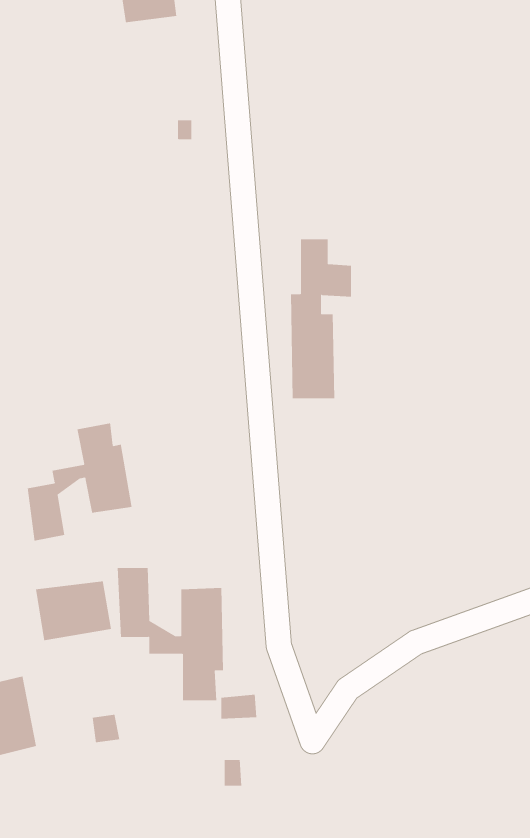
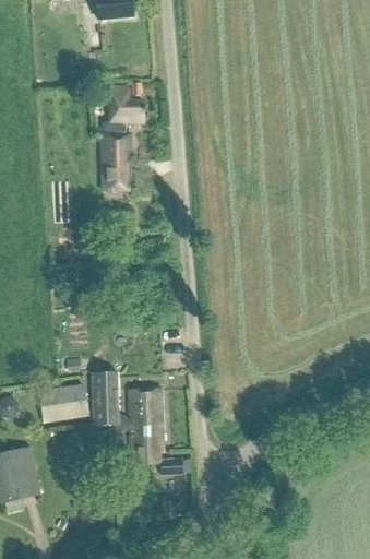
building: [290,239,352,399] -> [103,84,143,189]
building: [27,422,132,541] -> none

